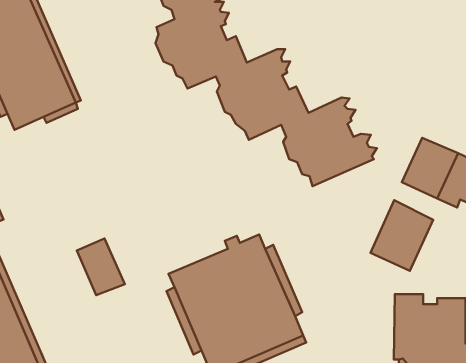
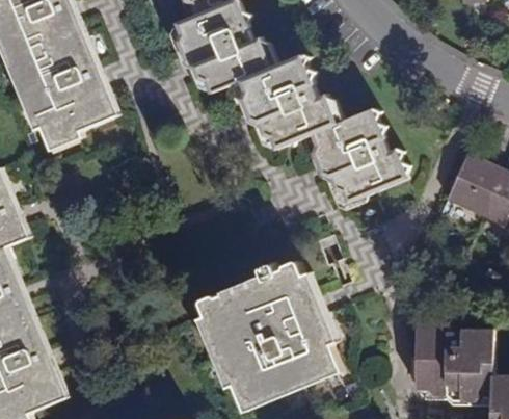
building: [371,200,433,271] -> none
building: [77,238,125,295] -> none

